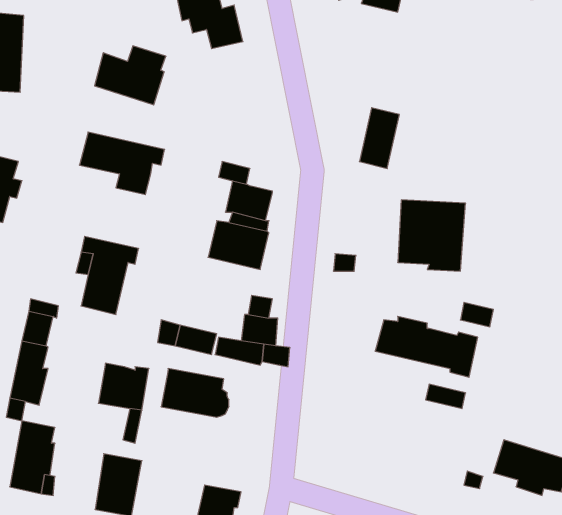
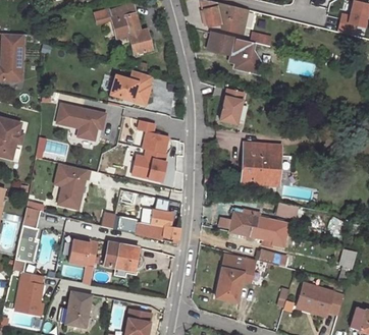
building: none -> [209,33,263,70]
building: [95,46,166,105] -> [109,69,151,104]
building: none -> [216,253,256,301]

